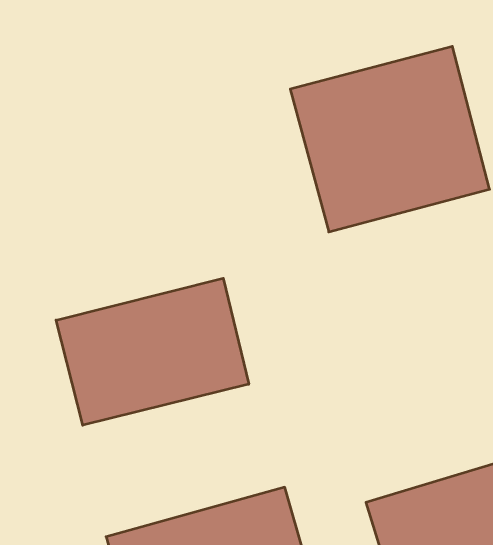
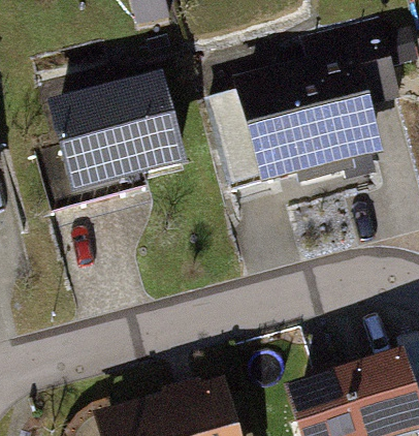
building: none -> [62,72,201,198]
building: [56,278,249,425] -> none

